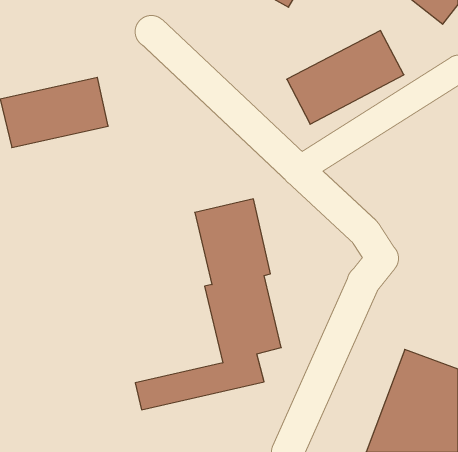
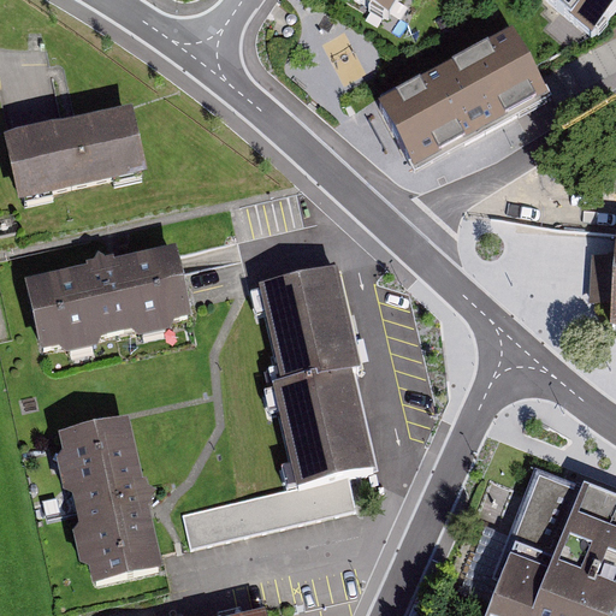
building: none -> [25,245,192,351]
building: none -> [52,417,162,580]

